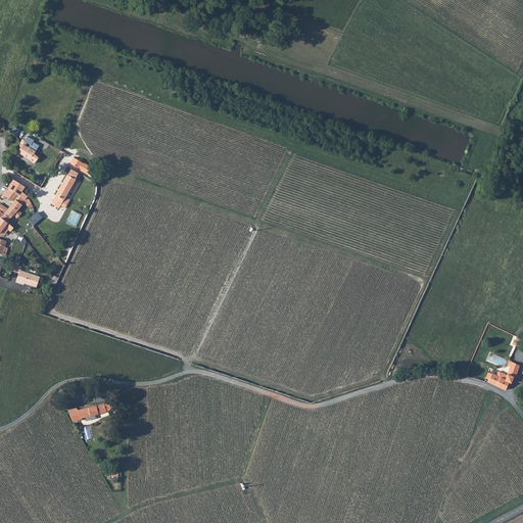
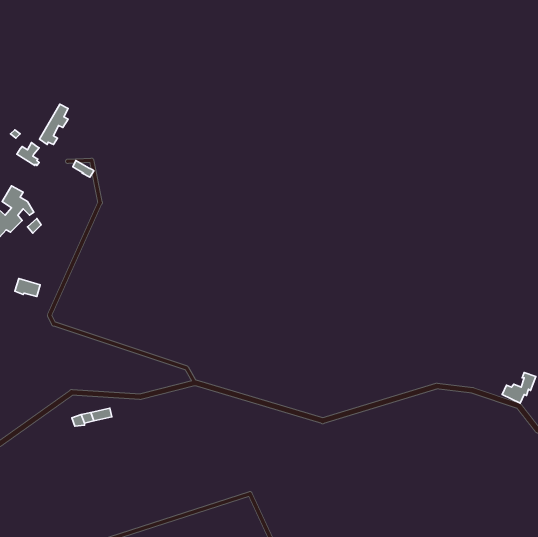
building: [50,169,78,207] -> [40,104,68,144]

